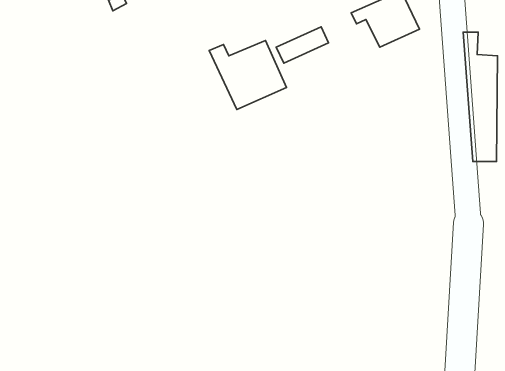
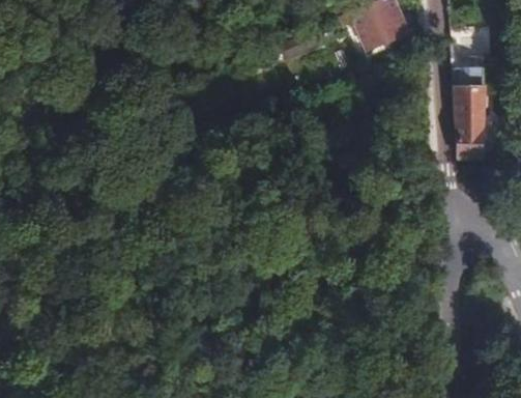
building: [209,41,287,109] -> none

